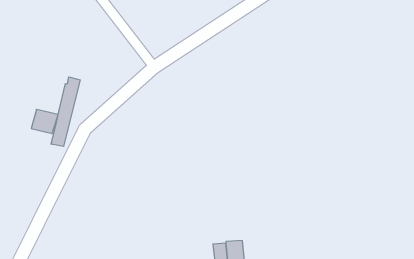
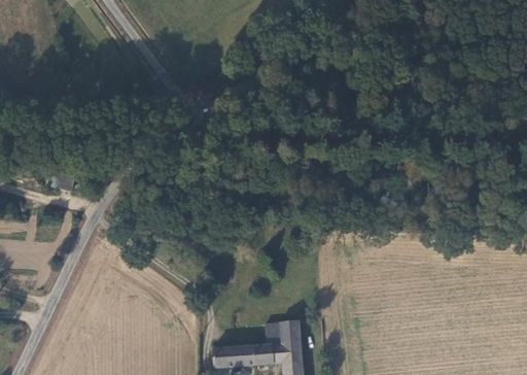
building: [51,77,80,146] -> none

